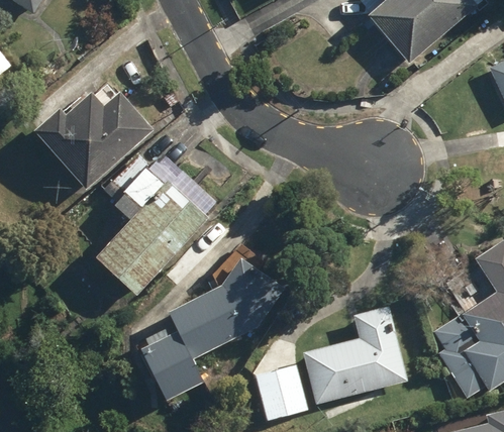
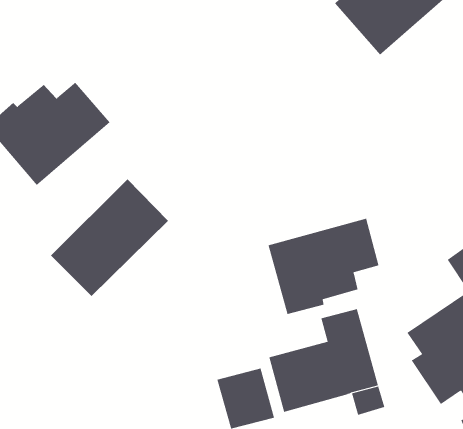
building: [112,155,164,219] -> none
building: none -> [268,218,379,315]
building: [138,256,285,403] -> none

